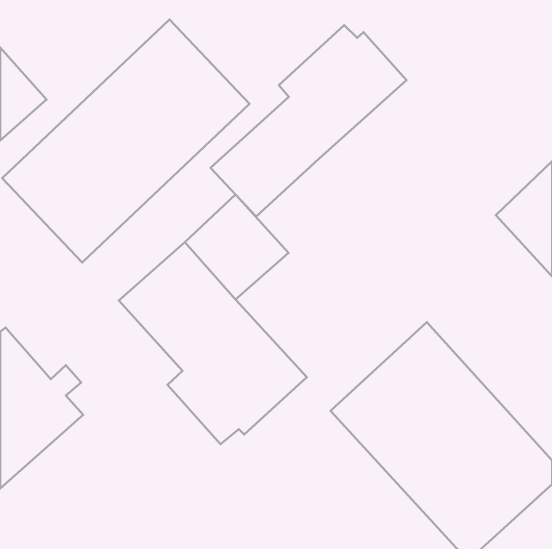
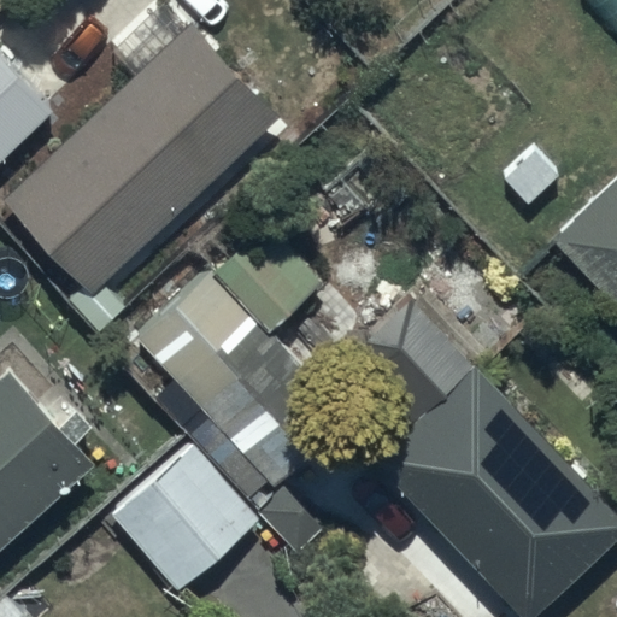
building: [211,25,406,217] -> none
building: none -> [107,445,257,593]

